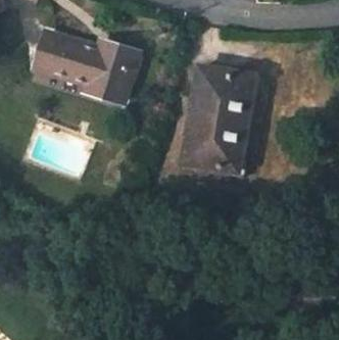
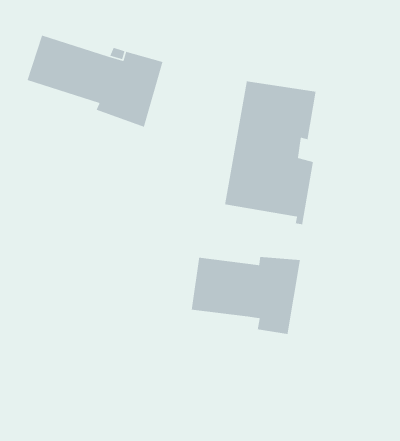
building: none -> [191,256,301,335]

